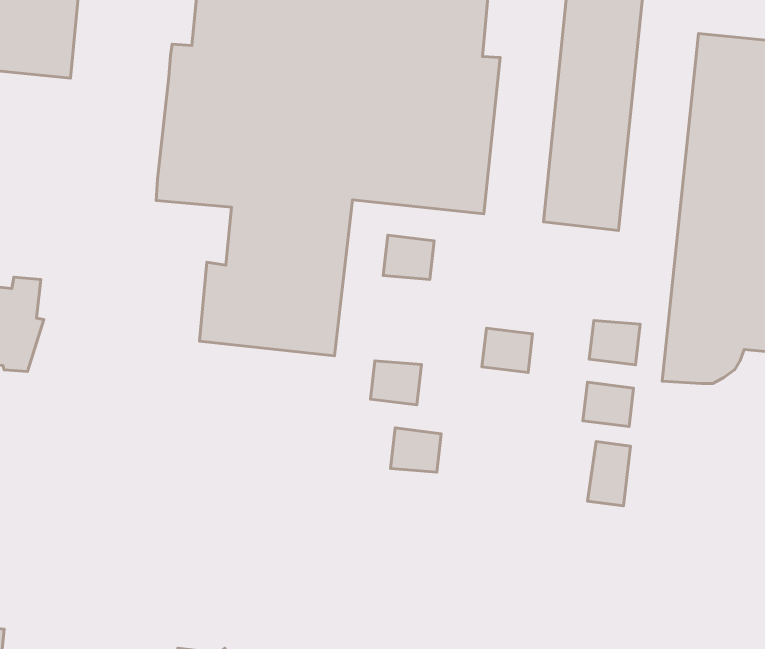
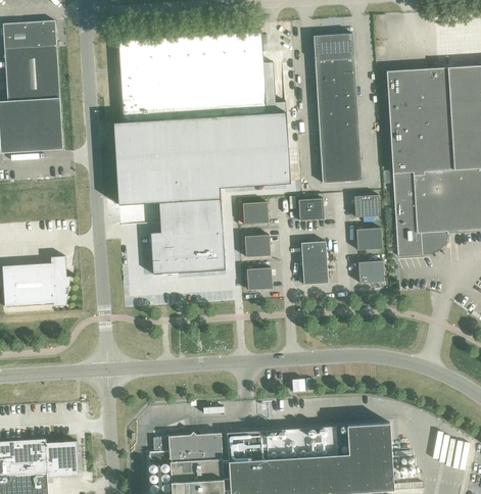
building: none -> [298,199,324,220]
building: none -> [354,195,380,217]
building: none -> [244,235,270,257]
building: [390,428,441,472] -> [302,262,328,285]
building: [587,442,631,506] -> none

